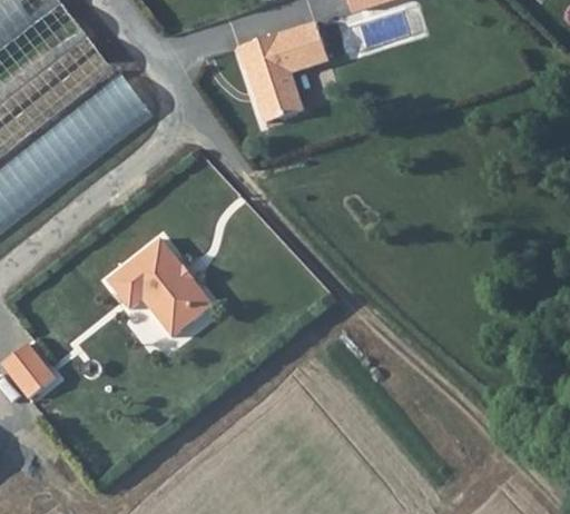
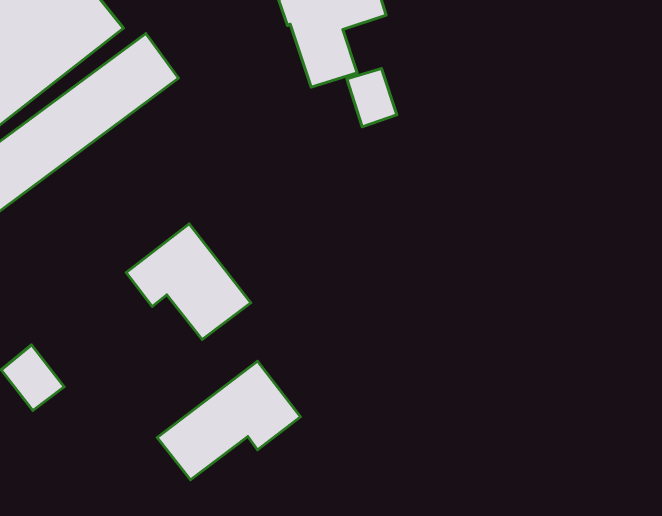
building: none -> [347,69,397,127]
building: none -> [157,361,300,480]

